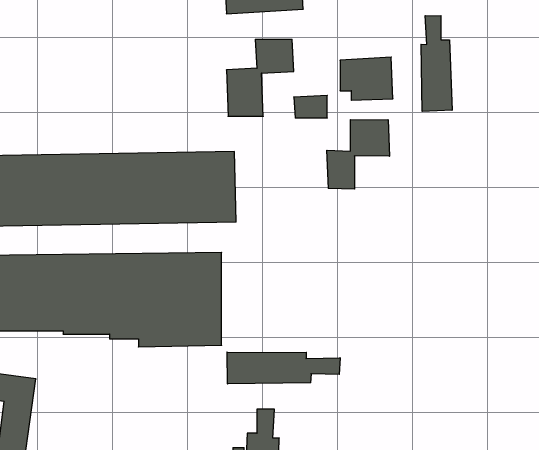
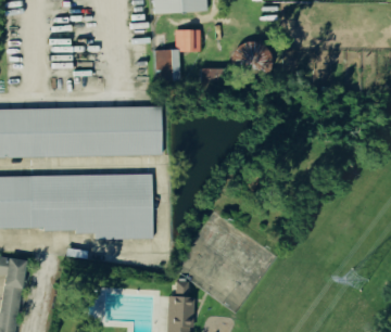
building: [421,16,452,111] -> none
building: [327,120,389,189] -> none
building: [227,352,340,384] -> none

